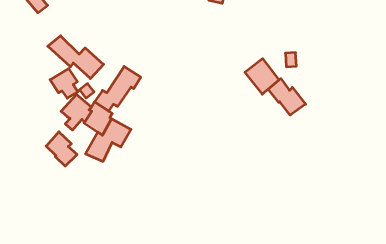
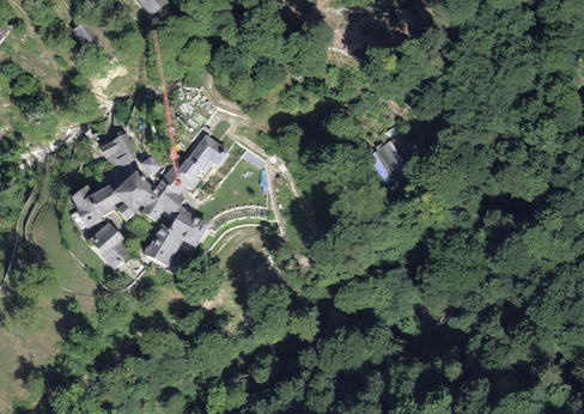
building: [48,36,104,79] -> none
building: [268,79,306,115] -> none
building: none -> [69,183,120,230]

